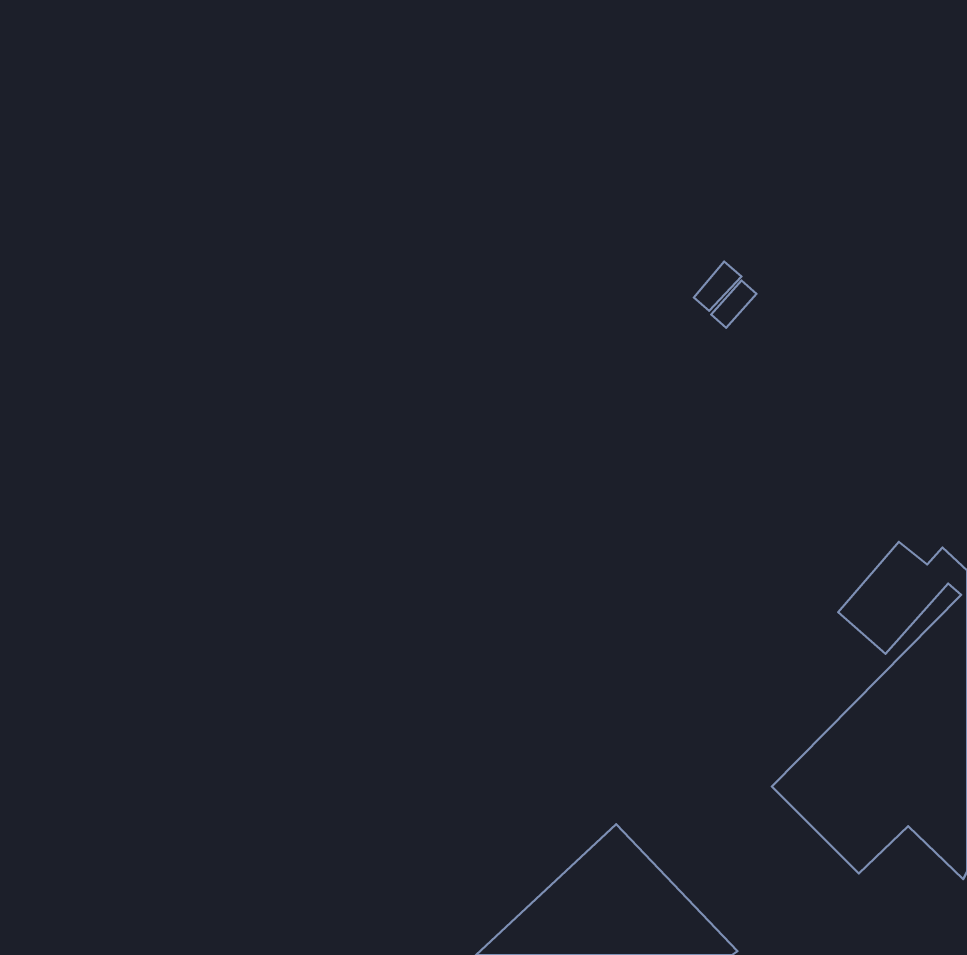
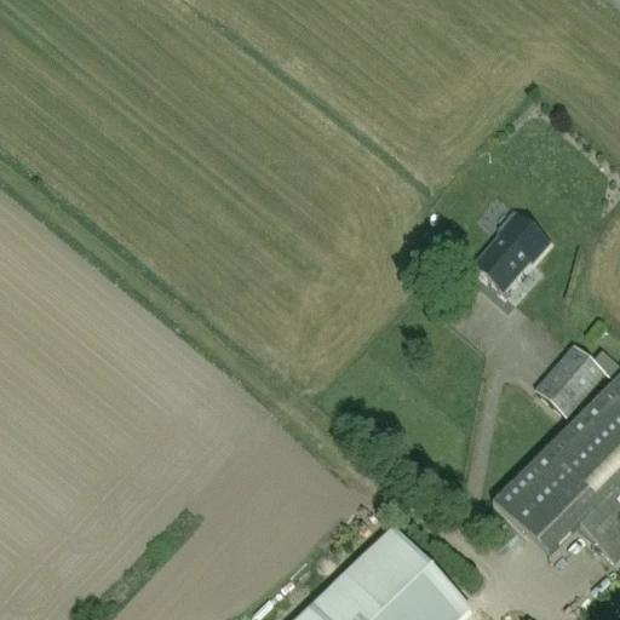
building: none -> [475,195,564,289]

